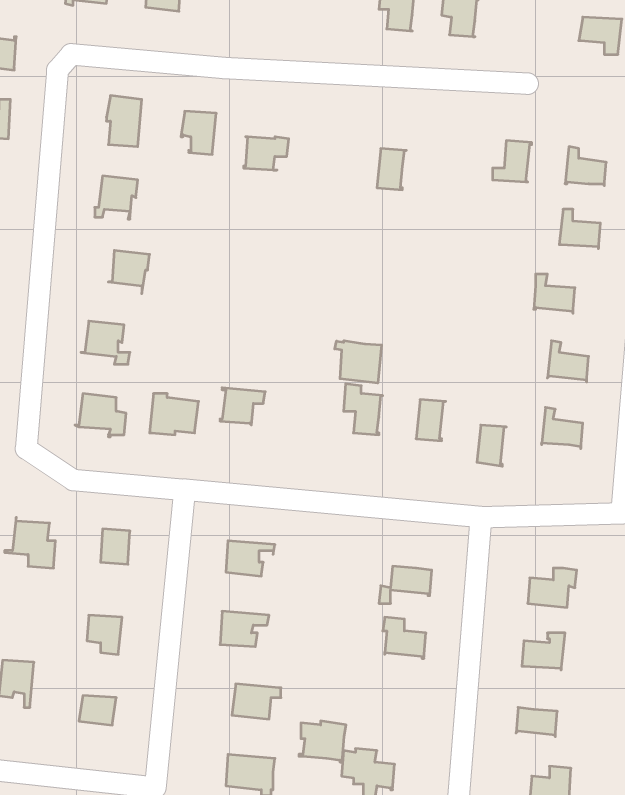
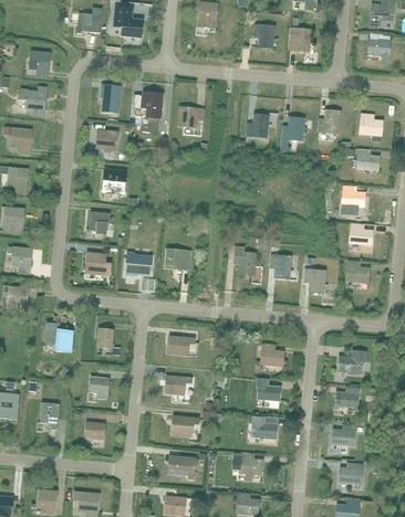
building: none -> [280,117,303,150]
building: [335,341,382,383] -> none
building: [299,721,346,762] -> [251,415,278,439]

